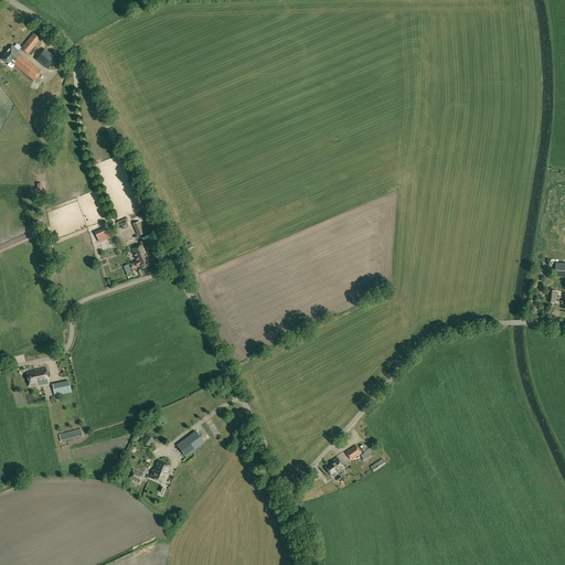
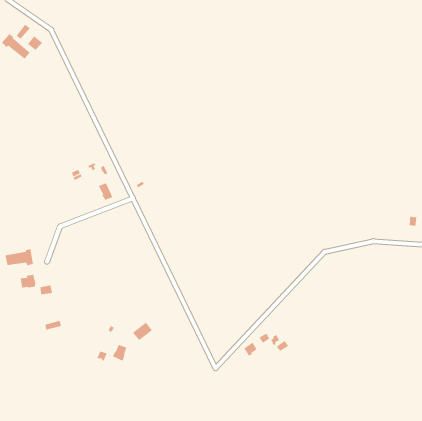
building: none -> [5,249,34,266]

